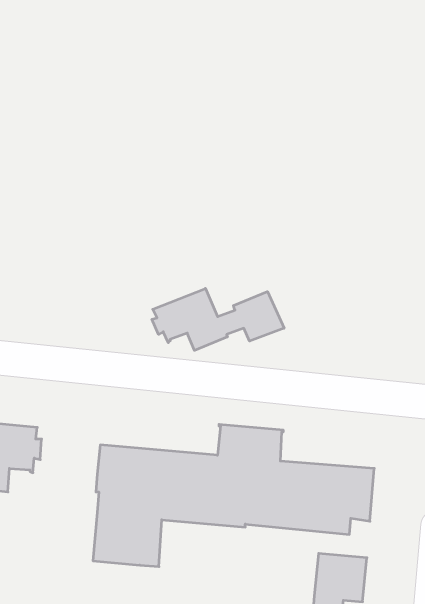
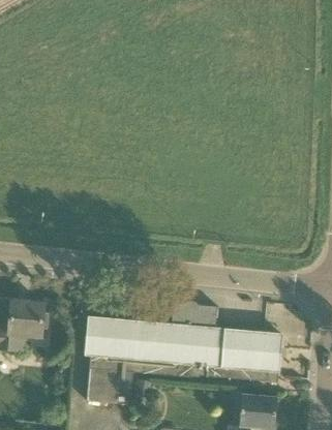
building: [152,288,284,350] -> none

